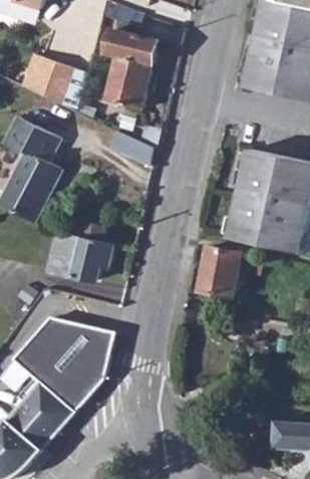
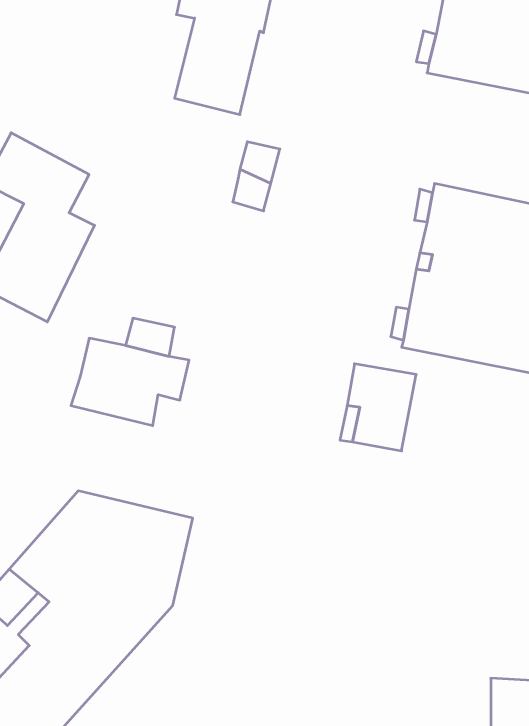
building: [14,54,68,103] -> none

